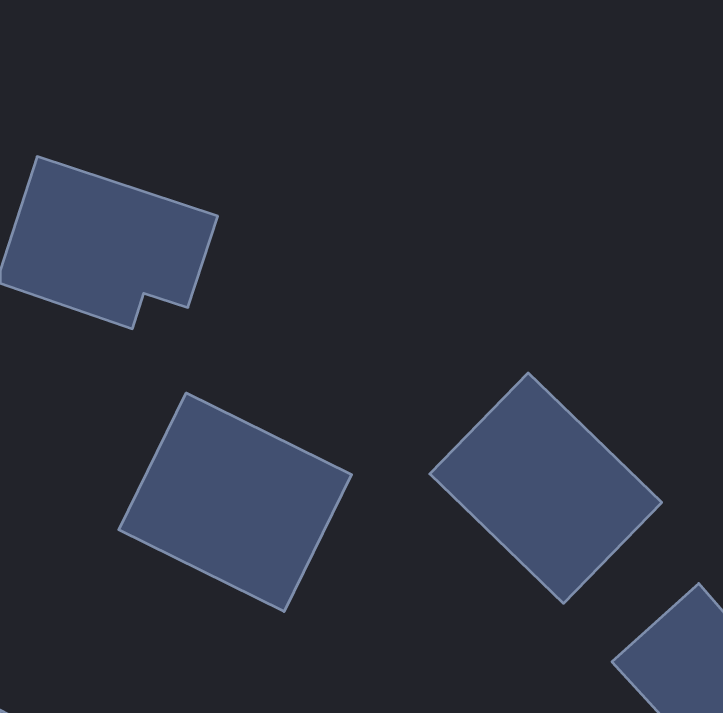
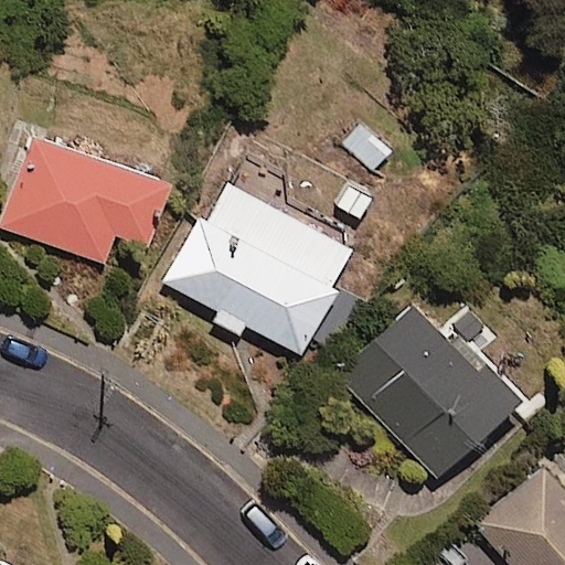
building: none -> [164,181,354,355]
building: [119,393,352,612] -> none

